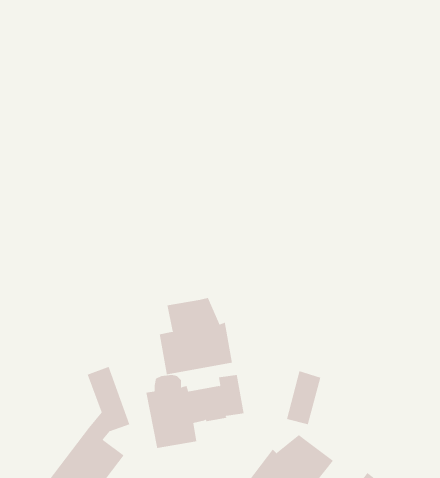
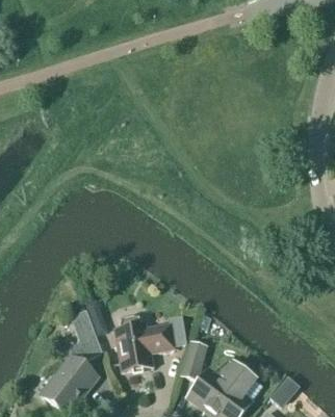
building: [159,297,233,375] -> none
building: [286,370,321,425] -> [181,338,207,379]

